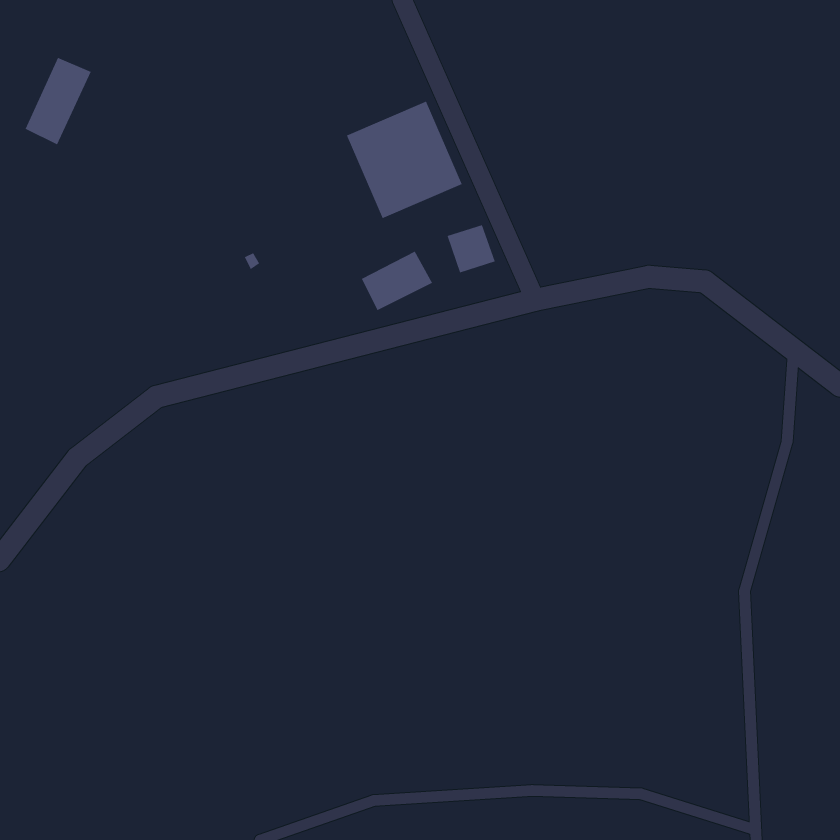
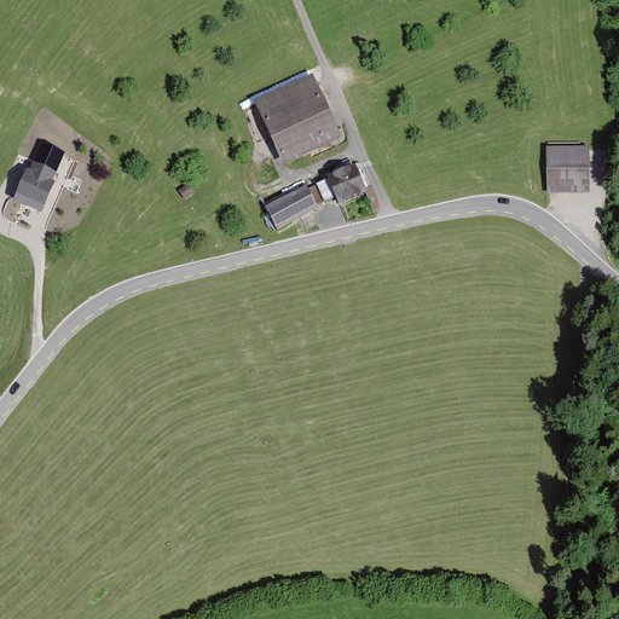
building: [24,57,92,146] -> [15,141,64,207]
building: none -> [544,147,590,193]

